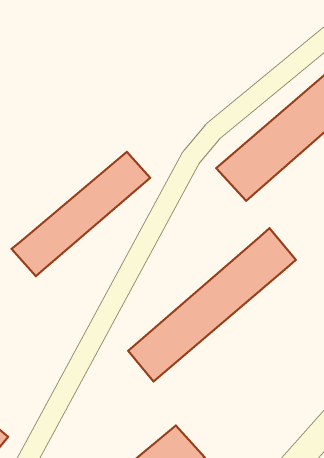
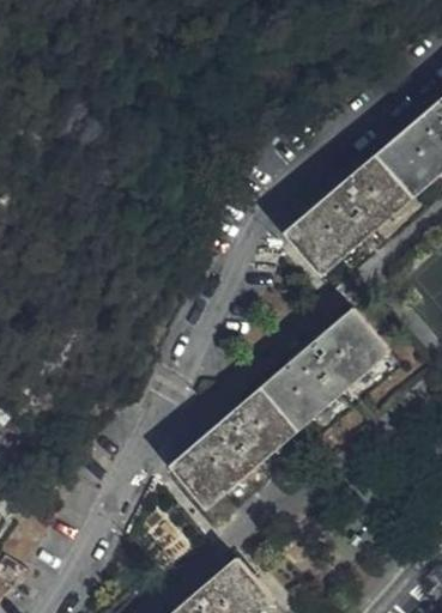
building: [12,152,150,276] -> none

